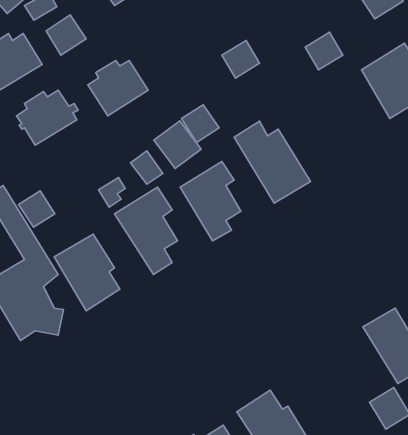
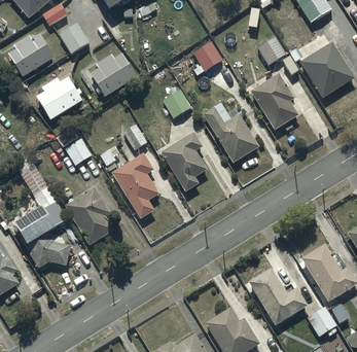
building: none -> [249,72,297,130]
building: [154,121,201,169] -> none
building: [19,191,55,227] -> [64,136,92,164]
building: none -> [248,268,308,325]

